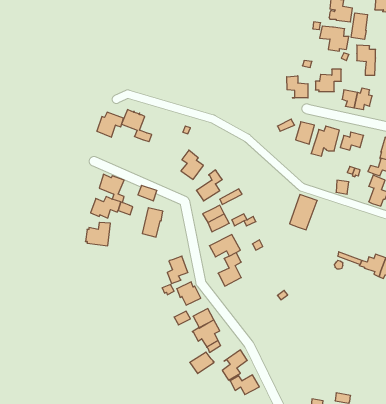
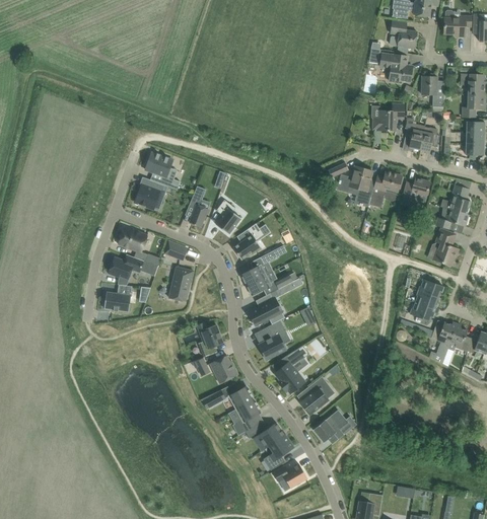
building: [351,13,368,39] -> none
building: [287,76,308,98] -> none
building: [97,112,123,137] -> [136,179,167,209]
building: none -> [189,187,208,227]
building: [290,195,317,230] -> [411,280,443,321]
building: none -> [275,346,309,393]
building: none -> [299,376,330,416]
building: none -> [314,416,357,442]
building: [190,352,214,374] -> [257,423,285,448]

